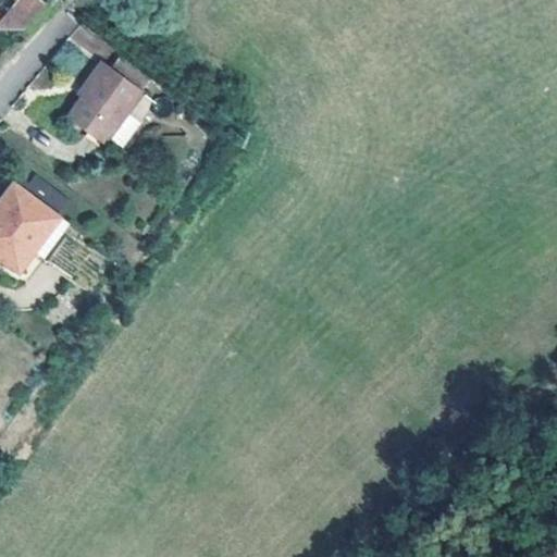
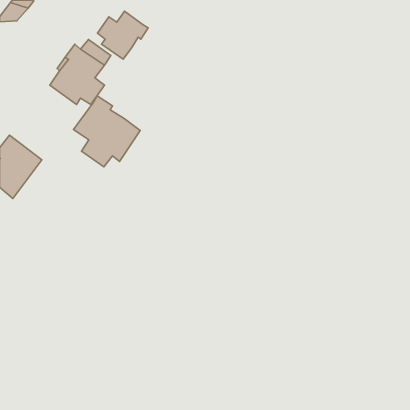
building: none -> [98,11,148,59]
building: none -> [73,96,140,167]

